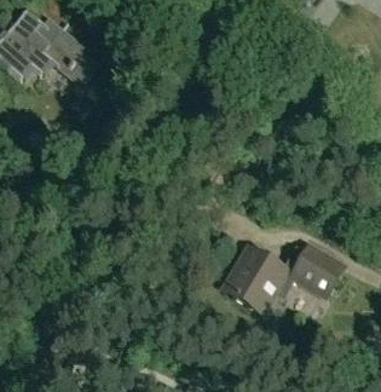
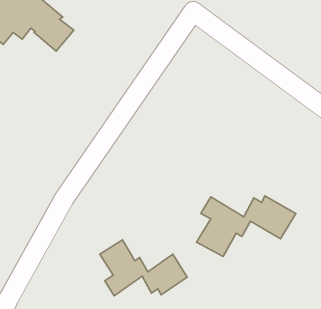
building: none -> [100,240,187,296]

